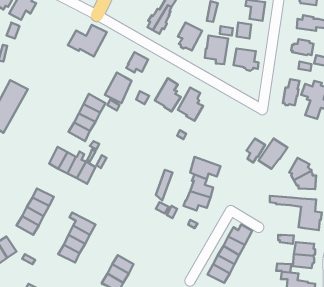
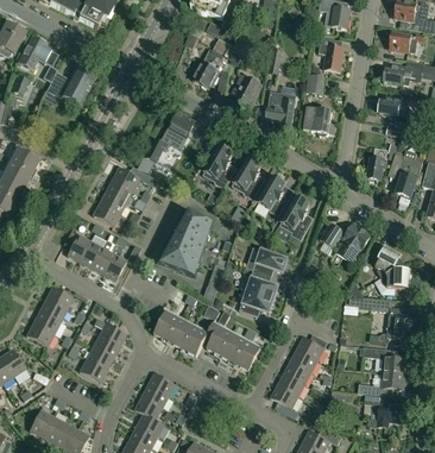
building: [68,25,107,56] -> [46,64,96,105]
building: none -> [257,176,288,215]
building: none -> [279,196,311,240]
building: none -> [156,203,214,275]
building: none -> [153,310,260,371]

